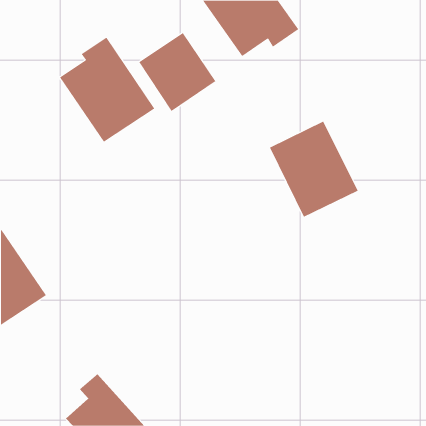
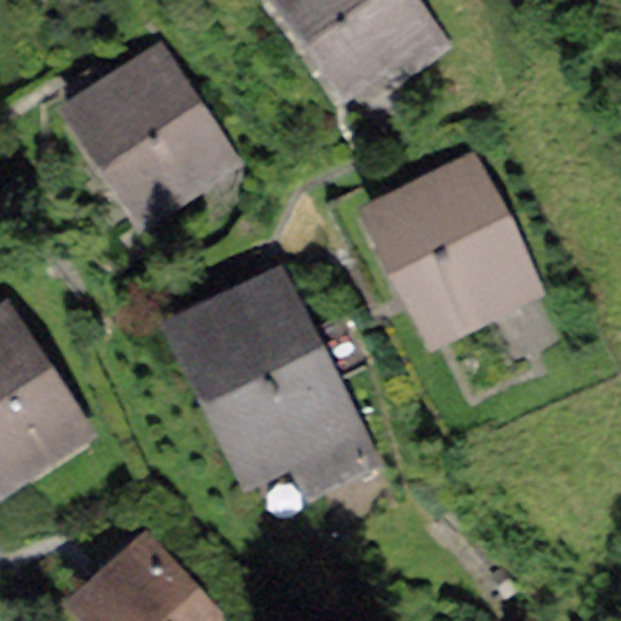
building: [139,32,216,112] -> none
building: none -> [192,291,376,488]

